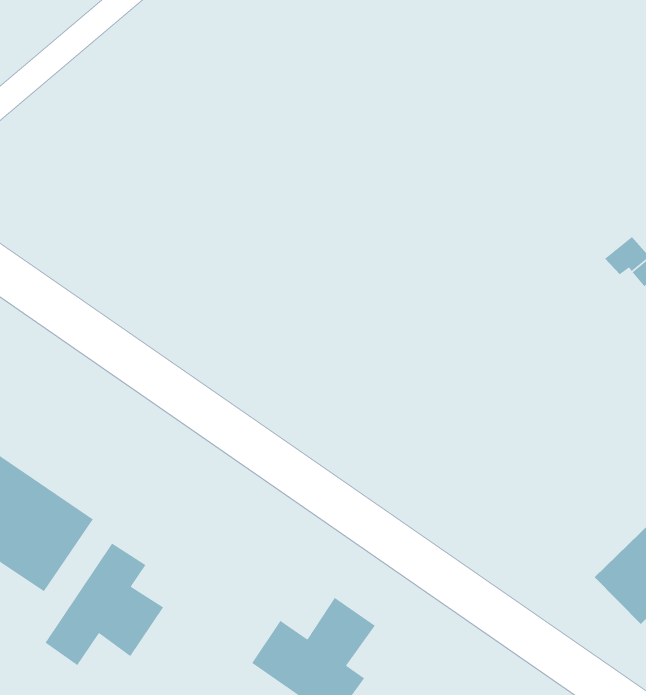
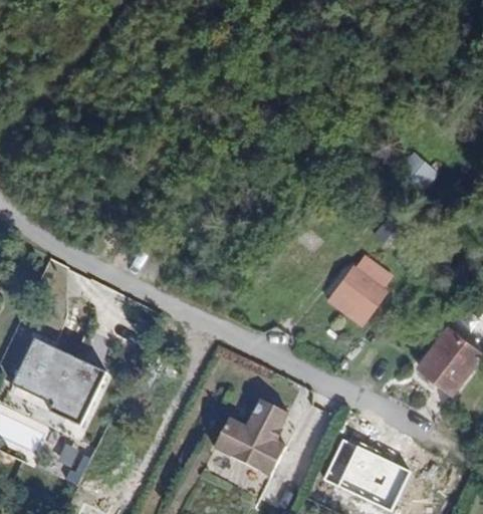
building: none -> [326,252,390,321]
building: [44,543,164,666] -> none

